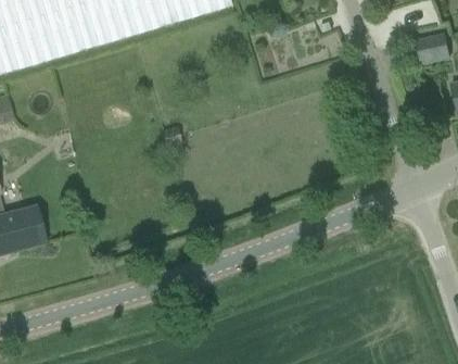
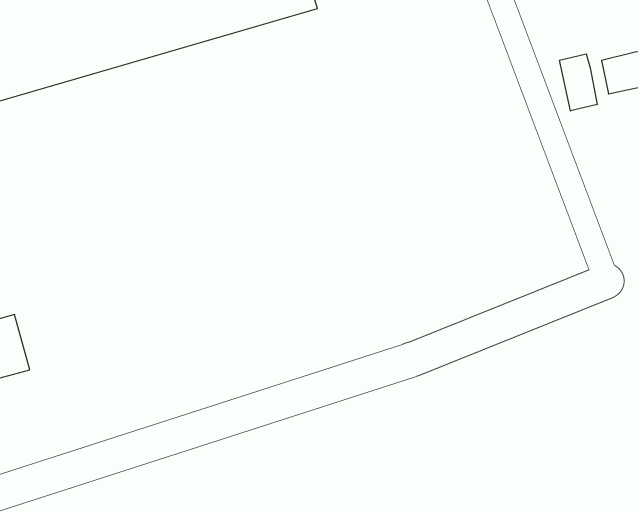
building: none -> [560,54,597,111]

